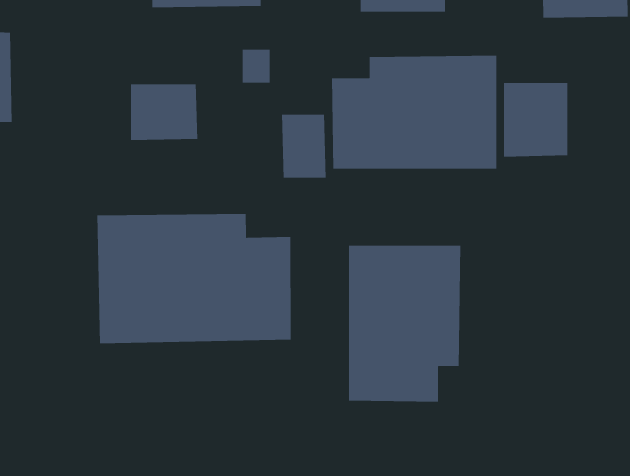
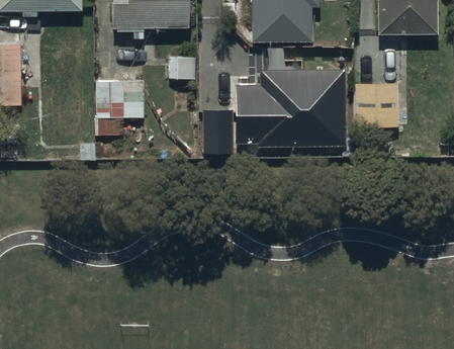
building: [96,213,292,344] -> none
building: [348,245,461,403] -> none

